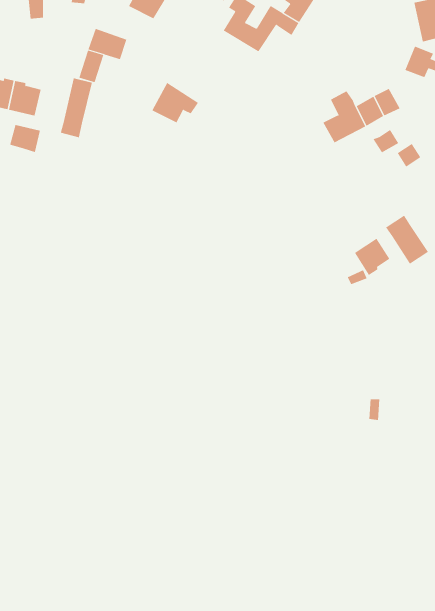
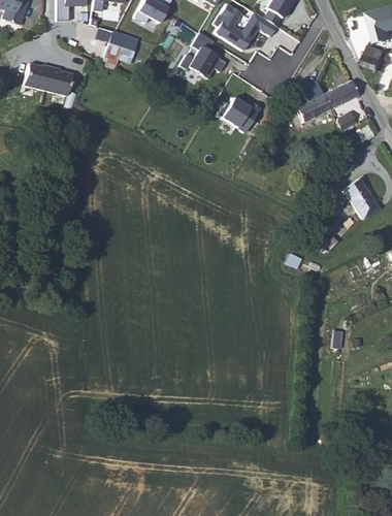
building: [60,77,92,138] -> none
building: [151,82,199,123] -> [190,43,228,76]
building: none -> [223,95,263,130]
building: [10,124,41,153] -> none
building: [354,238,390,276] -> none

